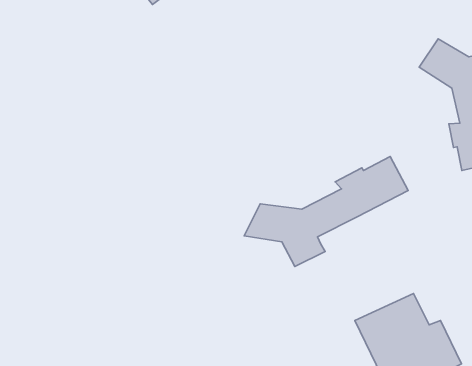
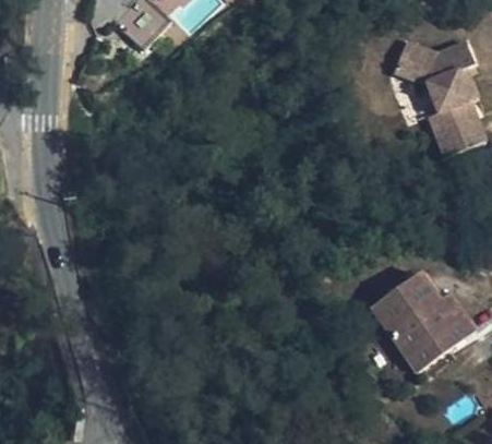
building: [244,156,408,266] -> none

